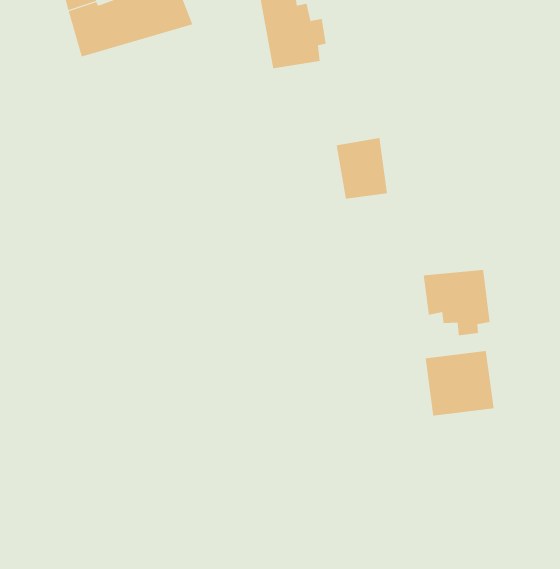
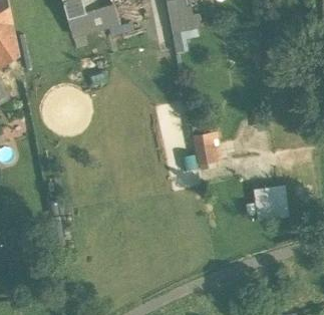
building: [336,137,388,199] -> [193,132,220,165]
building: [423,269,490,336] -> none

